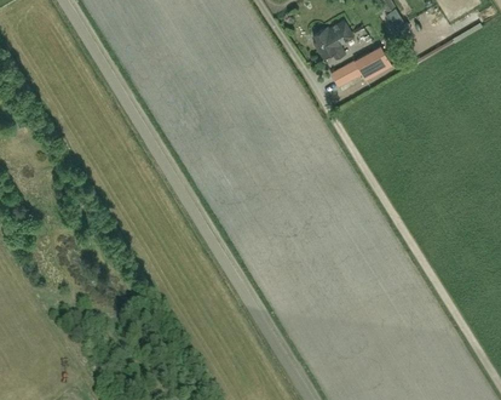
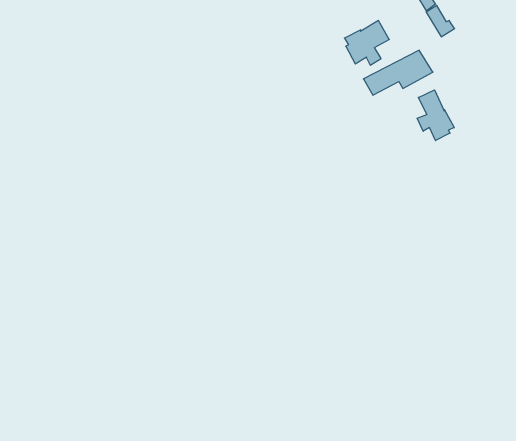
building: none -> [417,90,454,141]

